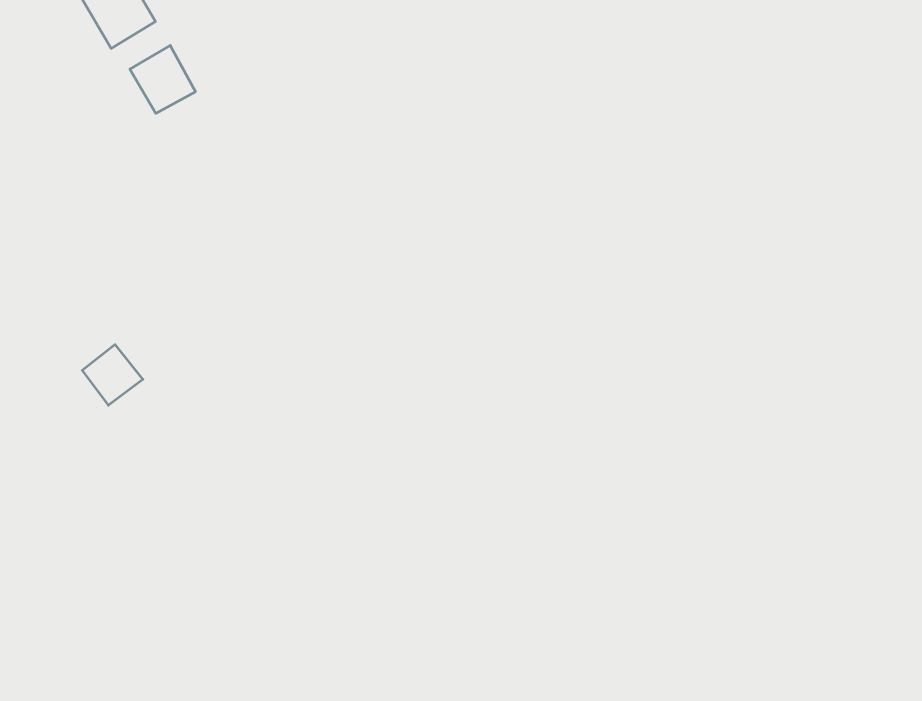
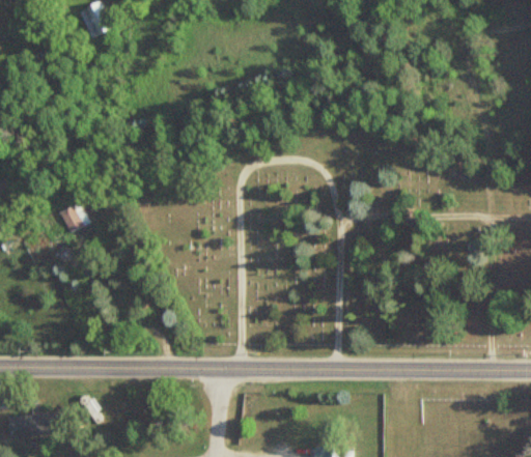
building: [130,45,195,113] -> none

